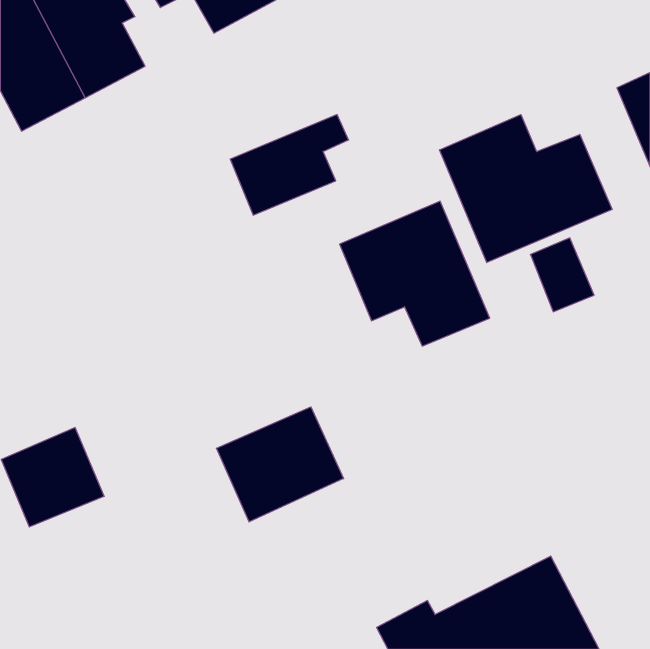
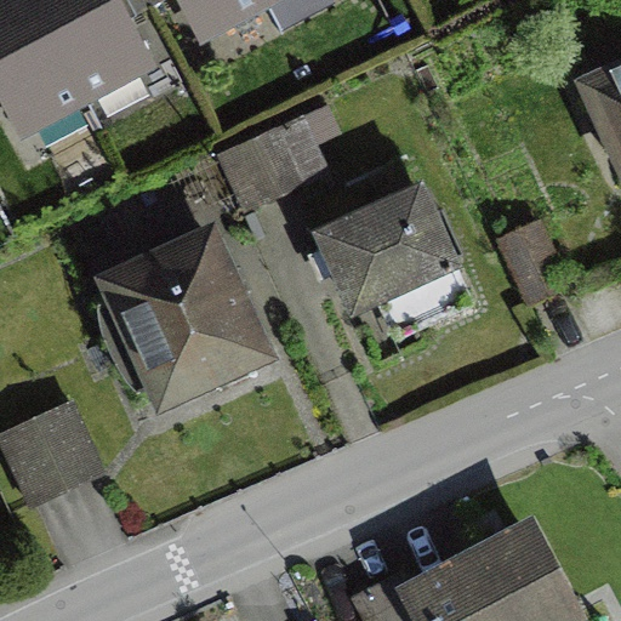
building: [440,115,612,263] -> none
building: none -> [110,238,260,397]
building: [217,407,344,522] -> none

